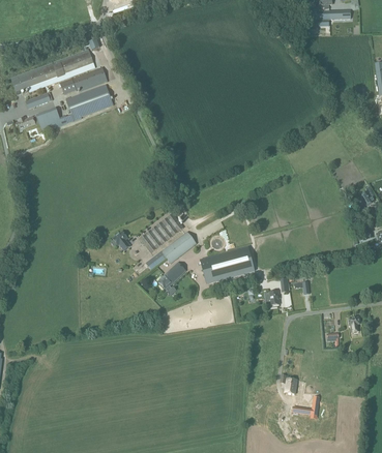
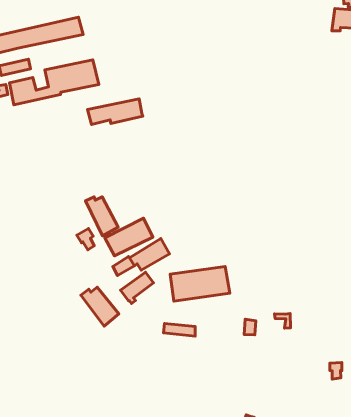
building: [59,66,108,94] -> [88,99,143,124]
building: none -> [86,197,118,236]
building: none -> [81,287,119,326]

